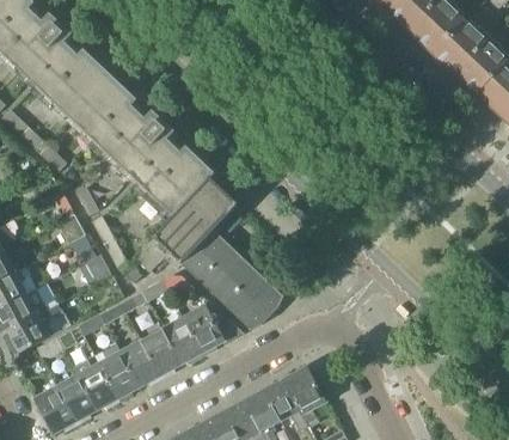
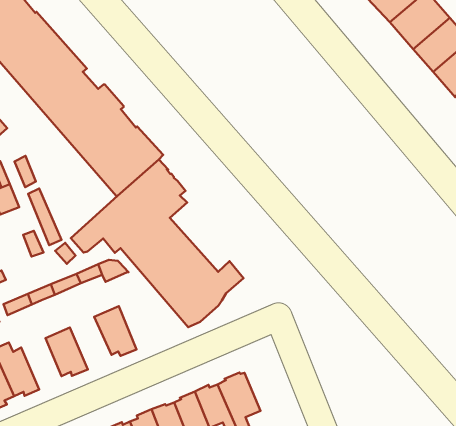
building: [185,302,243,355] -> none
building: [142,329,183,378] -> none
building: [96,344,139,401] -> none

